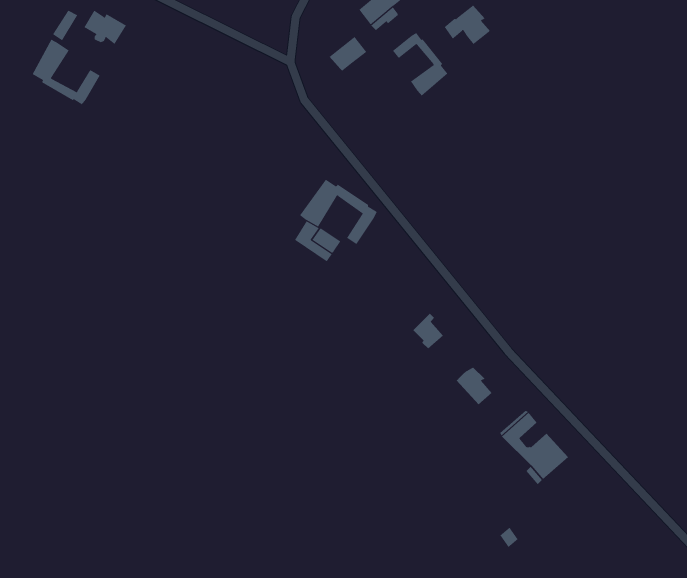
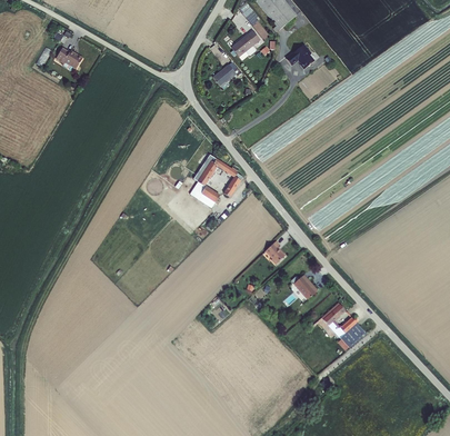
building: [392,32,448,96] -> none
building: [32,39,100,105] -> none

